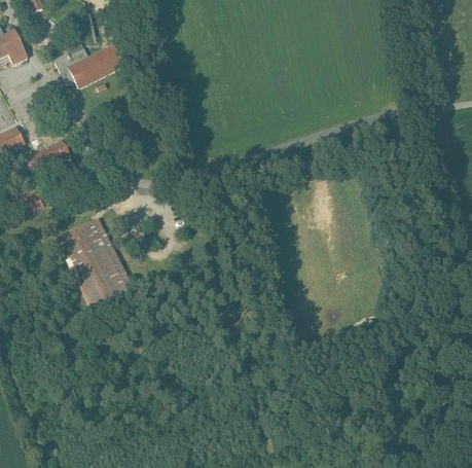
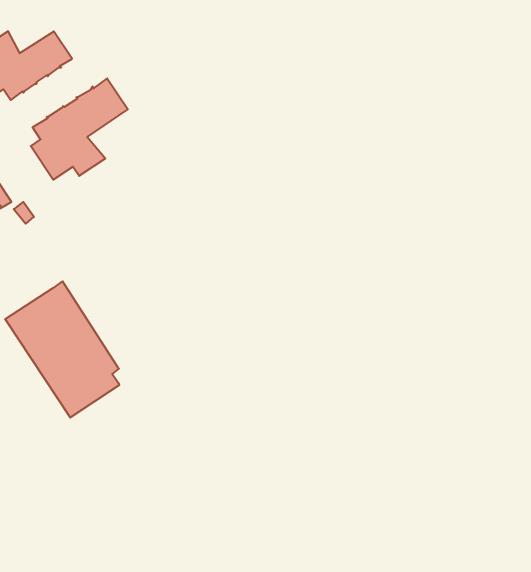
building: none -> [31,78,128,180]

